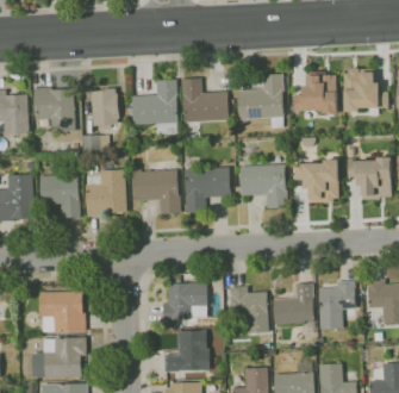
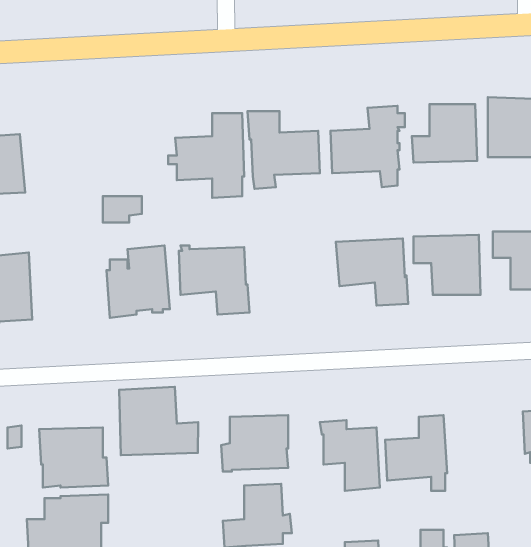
building: [33,86,75,132] -> none
building: [91,87,119,129] -> none
building: [185,167,231,213] -> none
building: [39,168,80,217] -> none
building: none -> [119,387,198,455]
building: [318,280,356,329] -> none

